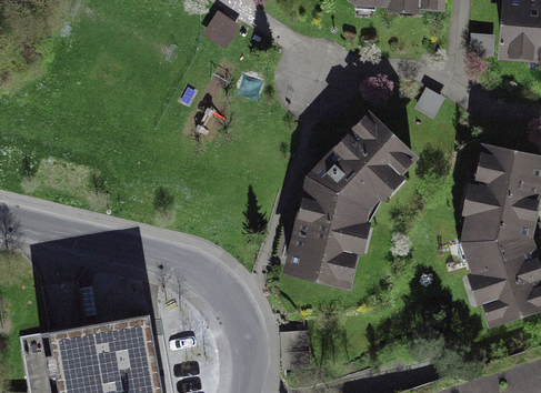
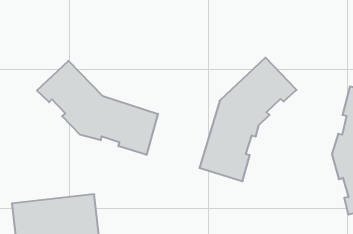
building: none -> [37,61,158,155]

